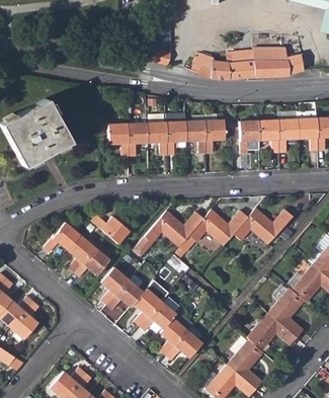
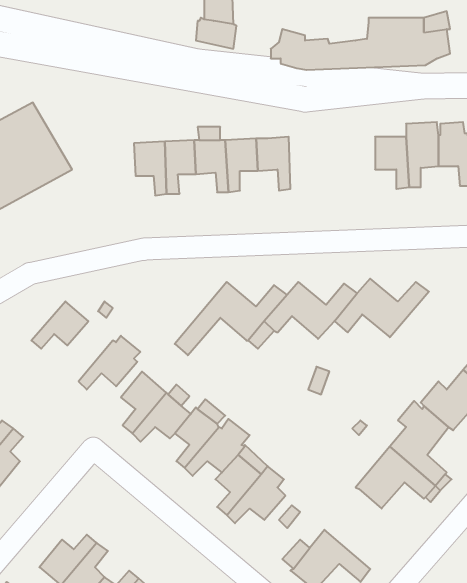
building: [204,120,224,153] -> none
building: [232,121,258,154] -> none
building: [92,215,129,244] -> none
building: [67,235,95,272] -> none
building: [227,336,264,389] -> none

